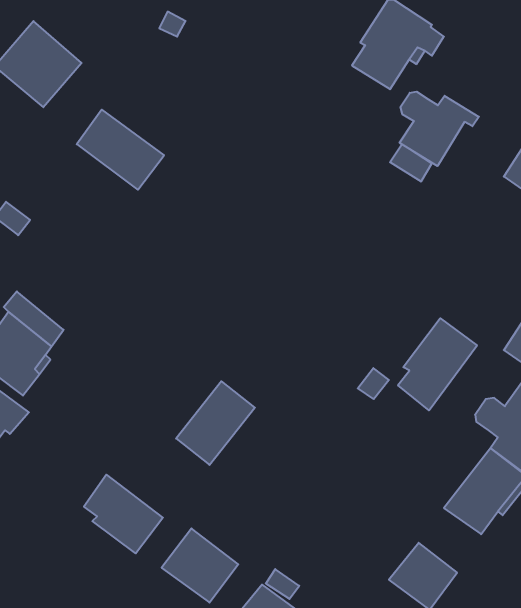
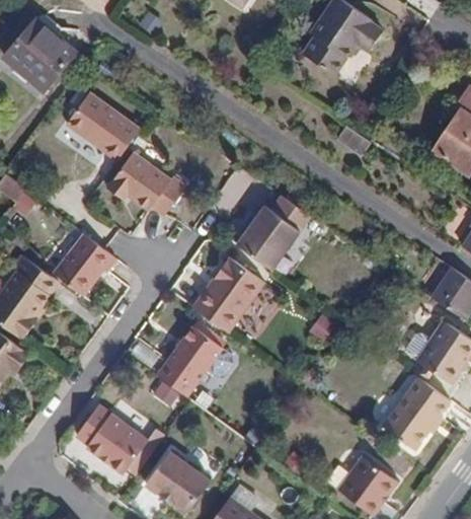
building: [400,92,479,166] -> none
building: none -> [108,155,187,216]
building: none -> [238,202,310,271]
building: none -> [57,231,122,295]
building: none -> [195,256,267,331]
building: [398,318,477,410] -> none

